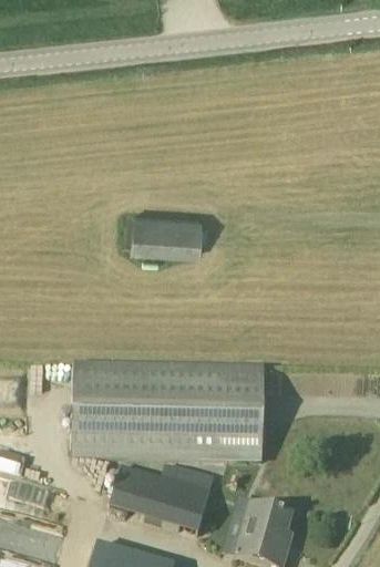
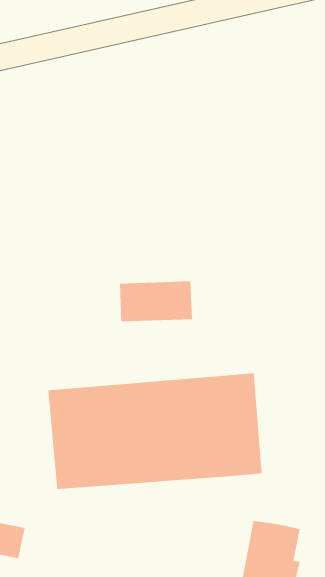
building: [132,210,201,250] -> [119,281,193,322]
building: [115,462,220,532] -> none

